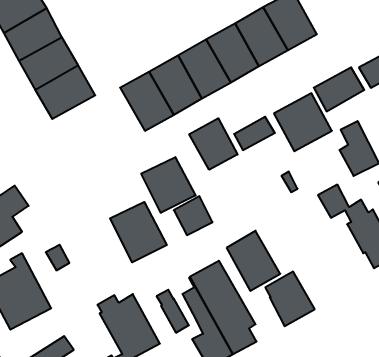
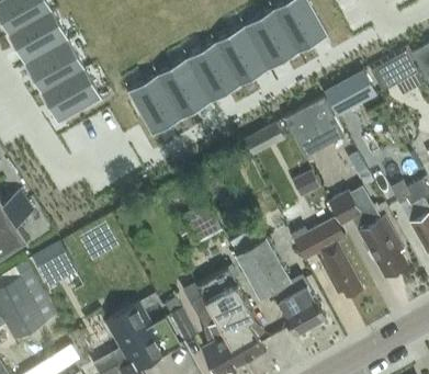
building: [189,118,238,170] -> none
building: [141,157,196,213] -> none
building: [110,202,167,262] -> none
building: none -> [291,219,361,298]

